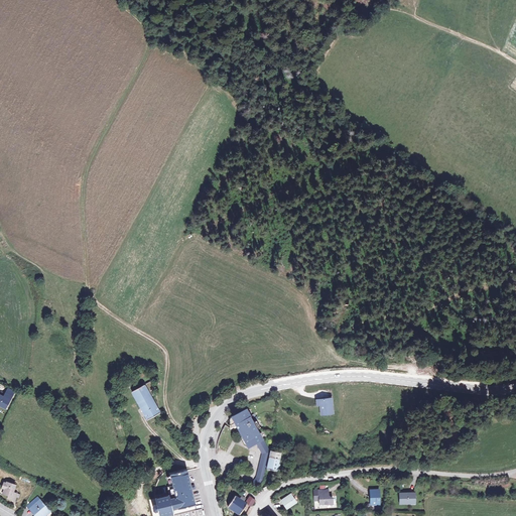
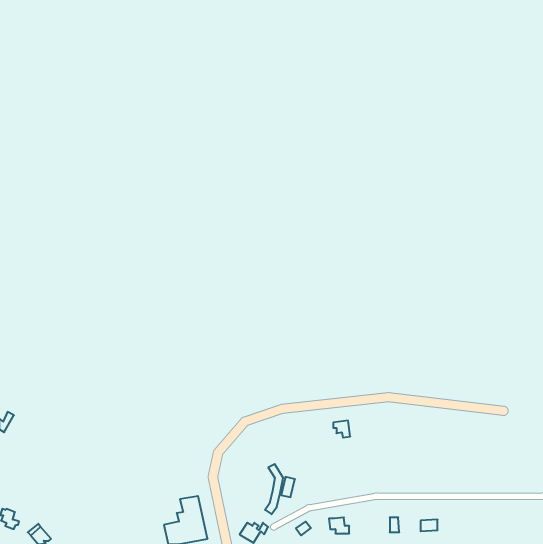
building: [133,382,160,419] -> none
building: [229,409,260,445] -> none

